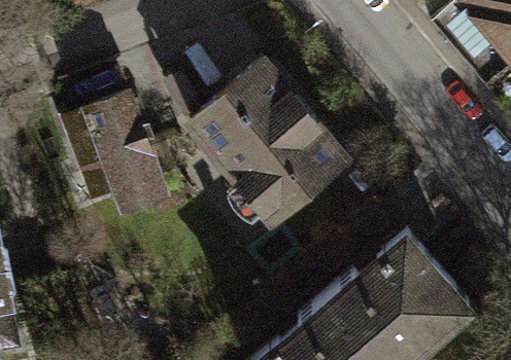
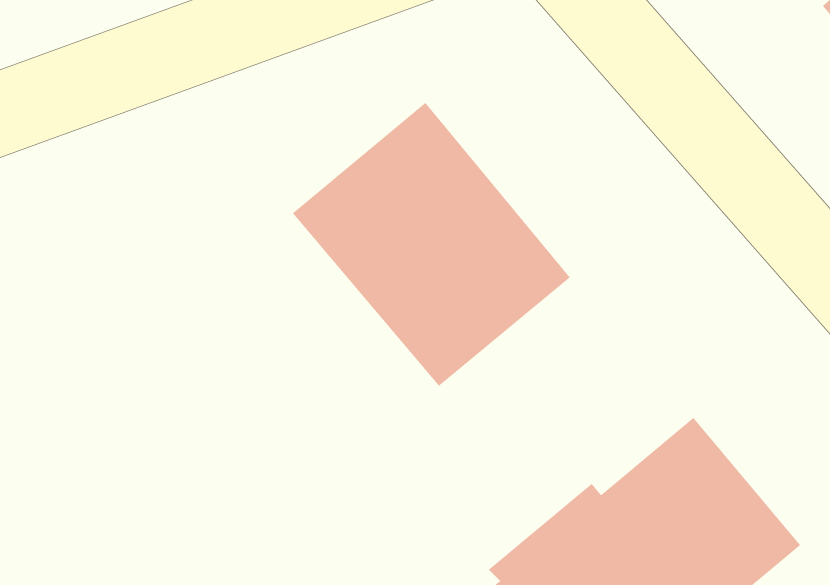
building: [65,104,158,201] -> none

